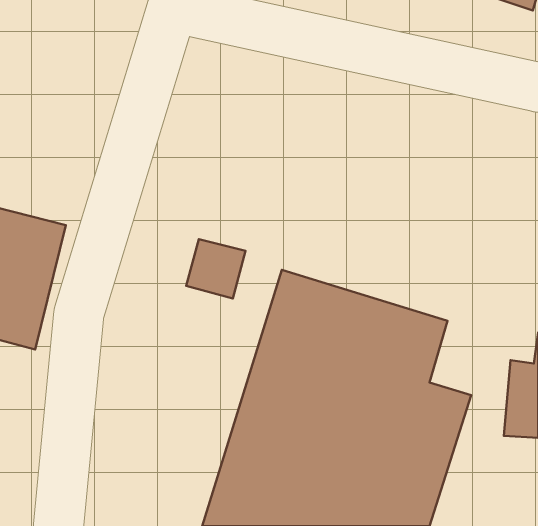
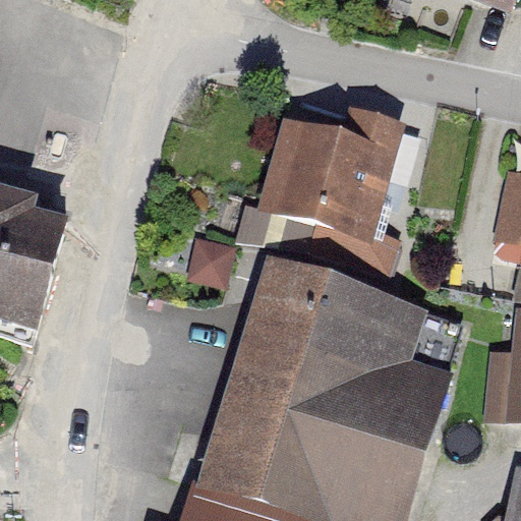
building: none -> [260,109,403,240]

